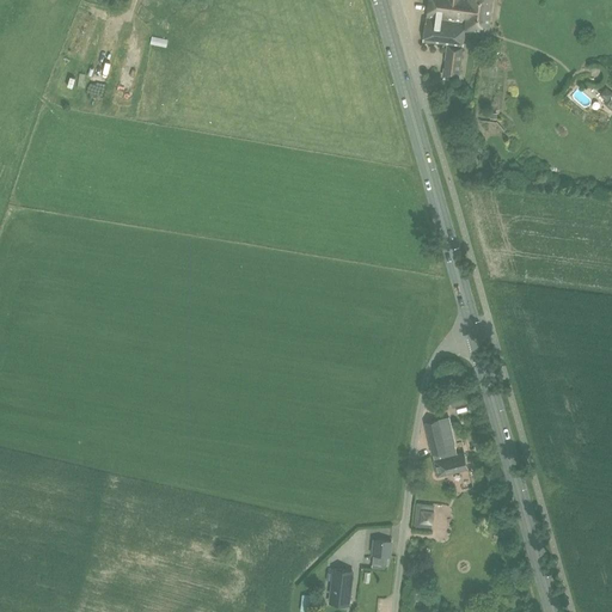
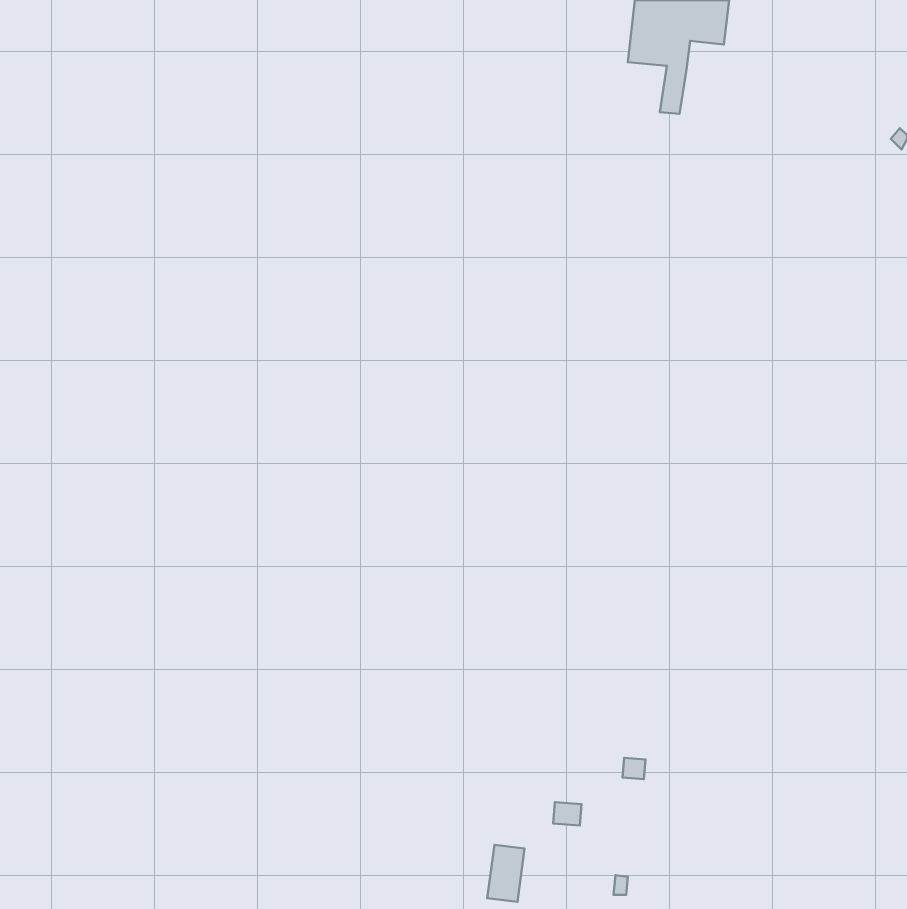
building: [424,418,466,475] -> none

